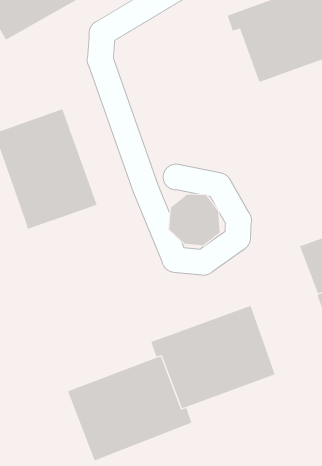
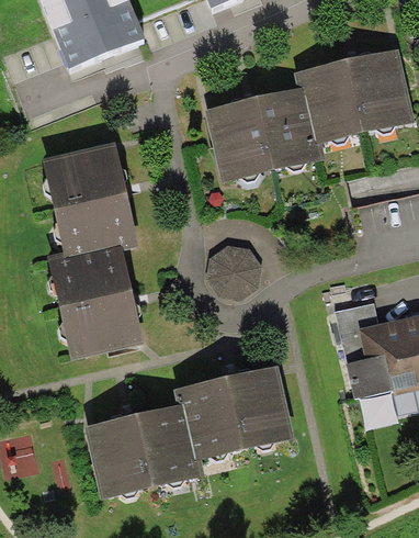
building: none -> [205,87,326,182]
building: none -> [48,247,143,358]

